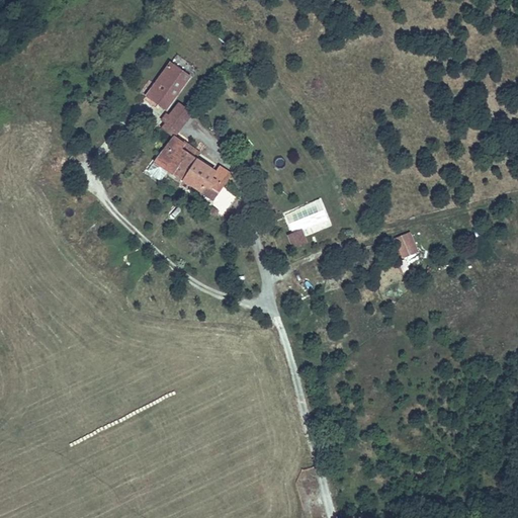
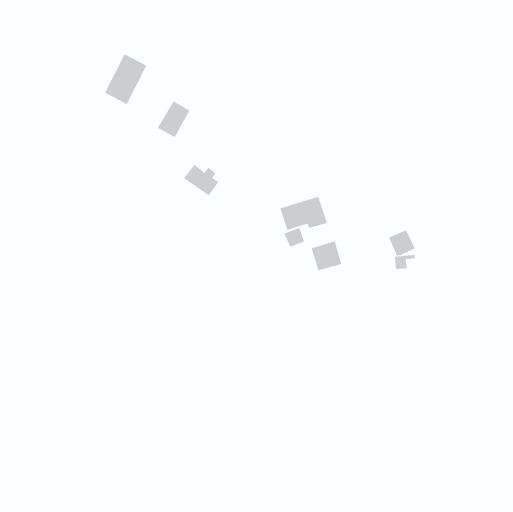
building: [146,61,189,112] -> [104,53,147,105]
building: [160,143,187,171] -> none
building: none -> [311,240,342,271]

